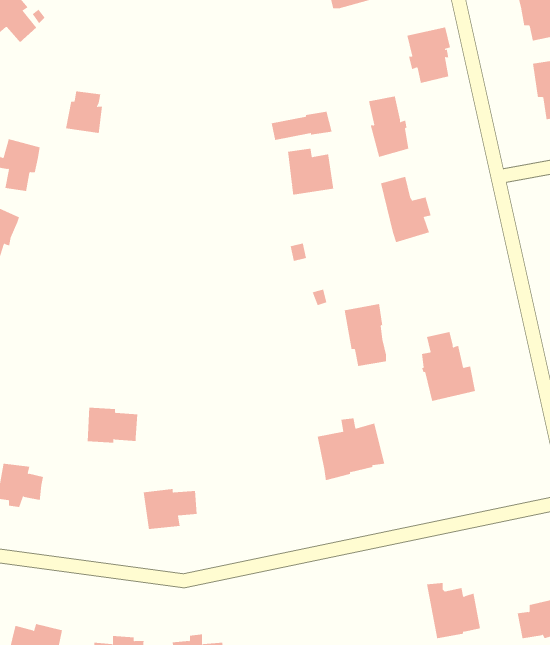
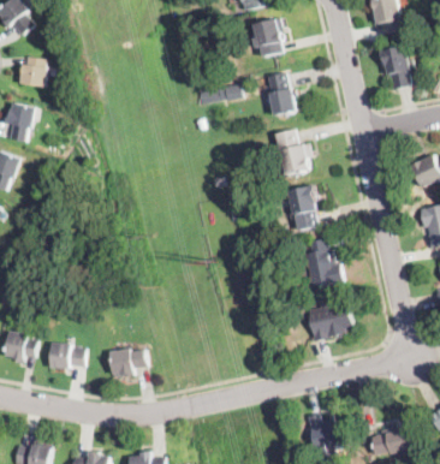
building: [406,27,451,83] -> [252,17,284,56]
building: [65,91,103,134] -> [19,56,46,87]
building: [288,148,334,196] -> none
building: [344,303,387,367] -> [281,186,311,231]
building: [87,407,138,443] -> [49,343,85,368]
building: [317,418,385,481] -> [307,297,355,341]

